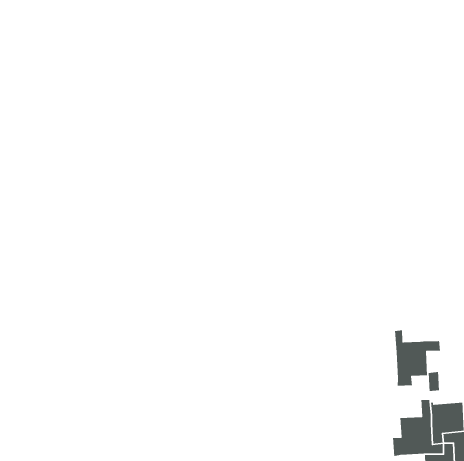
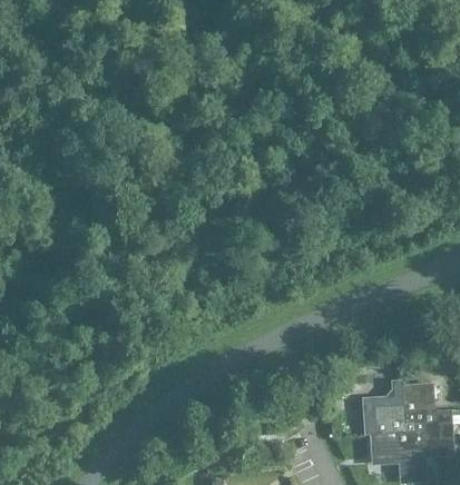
building: [394,329,441,386] -> none

